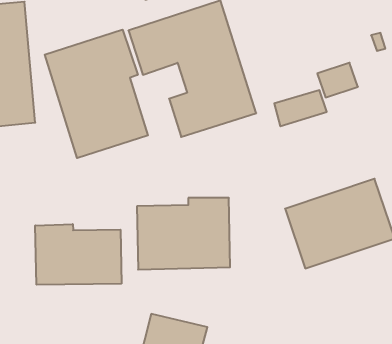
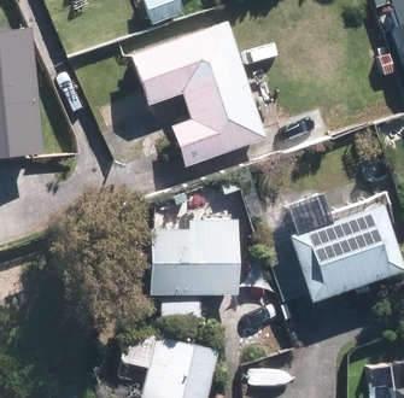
building: [45,30,148,158] -> none
building: [35,224,121,285] -> none

